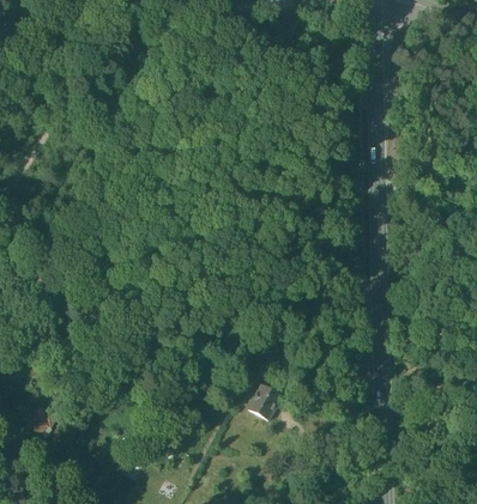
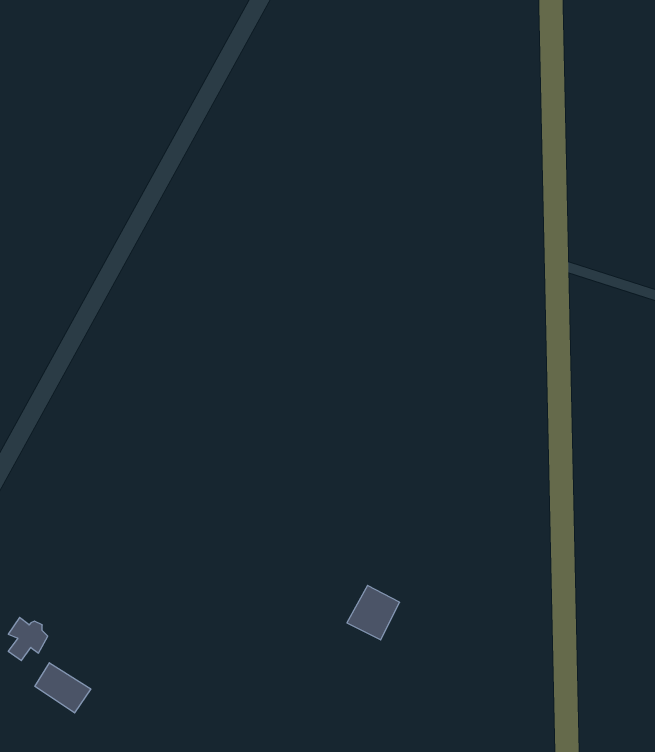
building: none -> [35,663,91,713]

